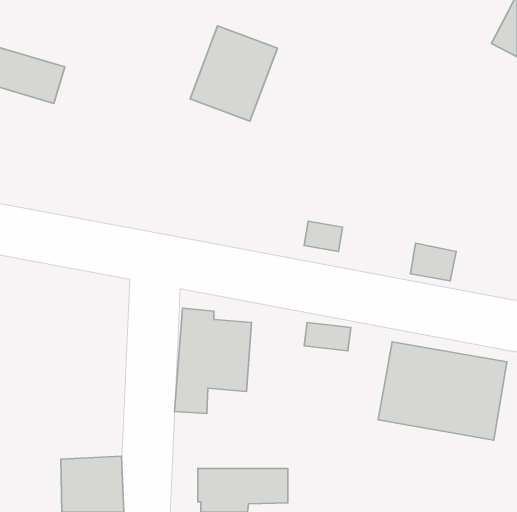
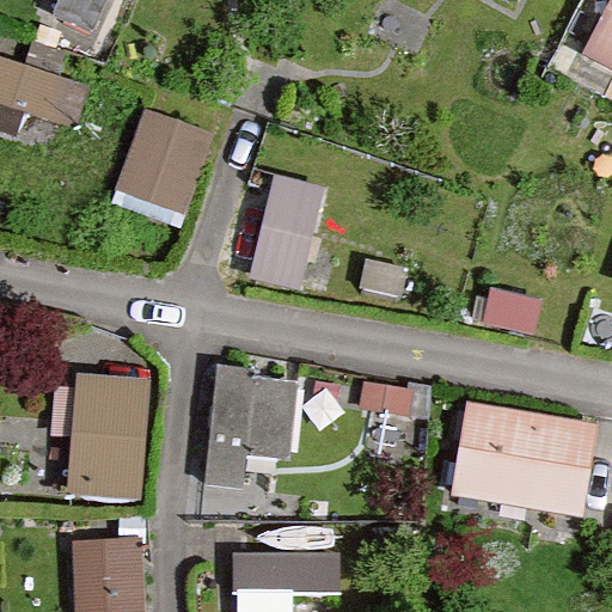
building: [190,26,277,121] -> [115,110,218,222]
building: none -> [247,177,324,292]
building: none -> [63,379,147,500]

